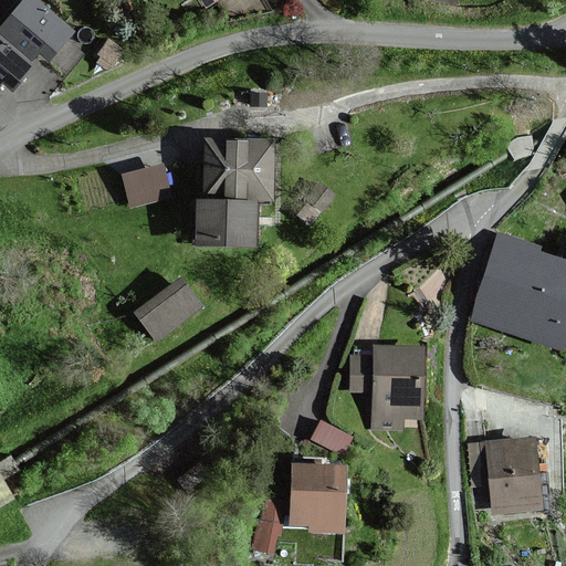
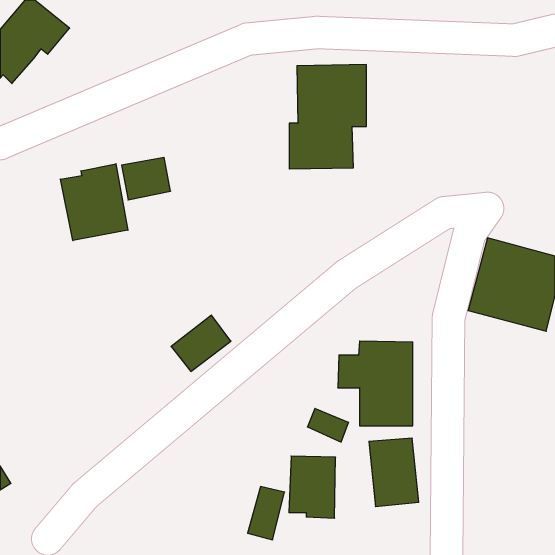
building: [196,139,274,245] -> [289,65,366,169]
building: none -> [60,164,128,241]
building: [138,279,199,336] -> [171,315,231,371]
building: [488,439,538,509] -> [369,438,419,507]

